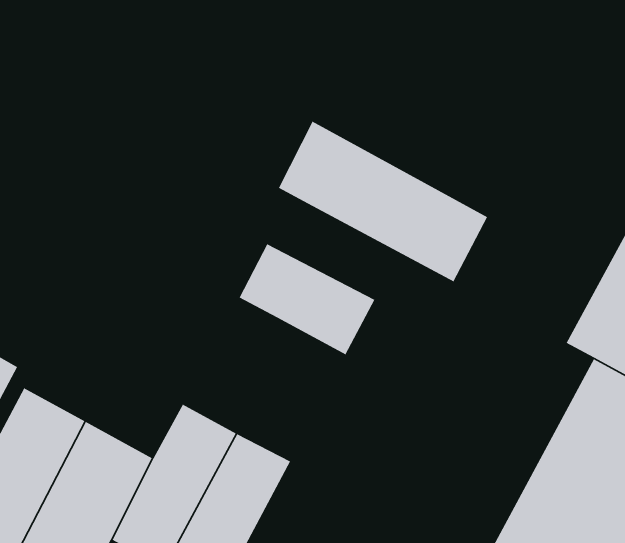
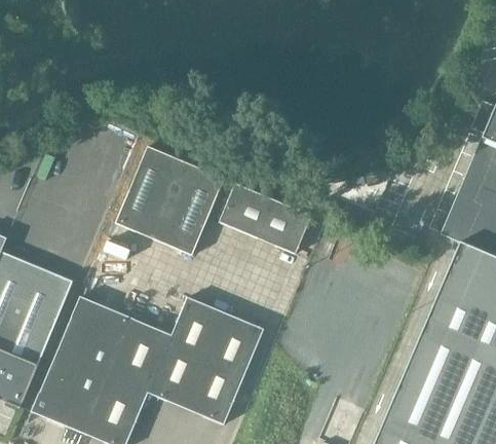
building: [278,121,488,282] -> none
building: none -> [115,148,224,257]

